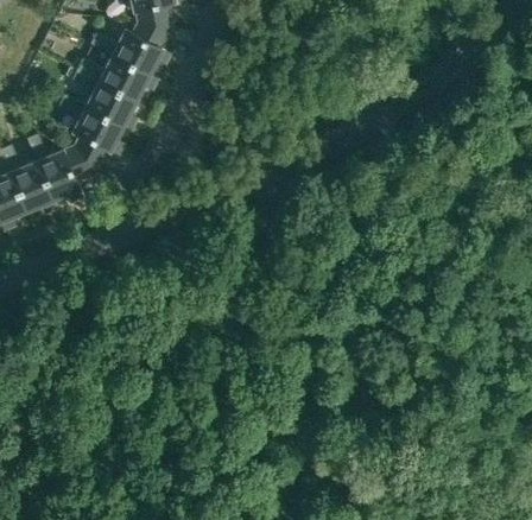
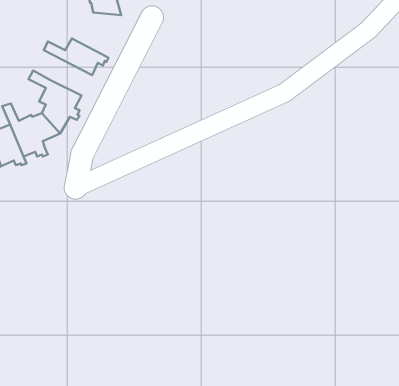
building: [89,23,172,74] -> none
building: [71,69,137,129] -> none

